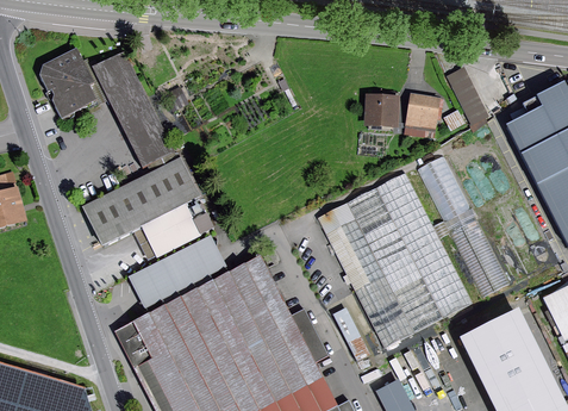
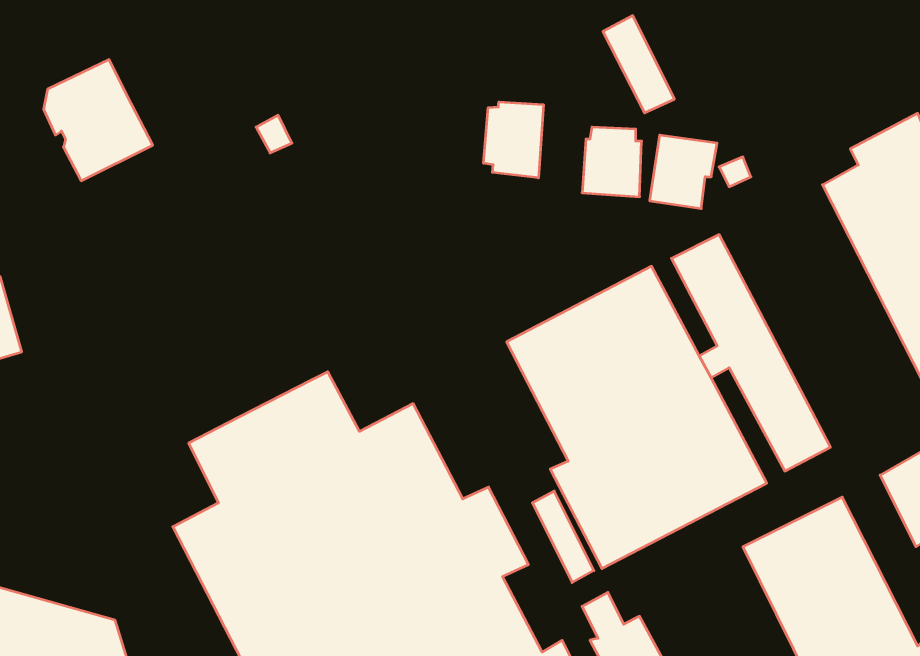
building: [90,52,176,169] -> none
building: [447,67,489,125] -> [603,16,674,113]
building: none -> [484,102,543,178]
building: [81,158,202,263] -> none

